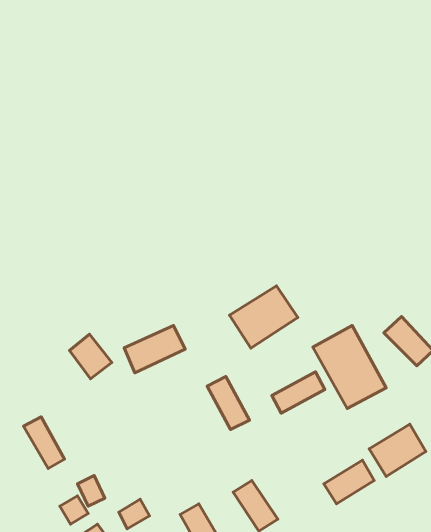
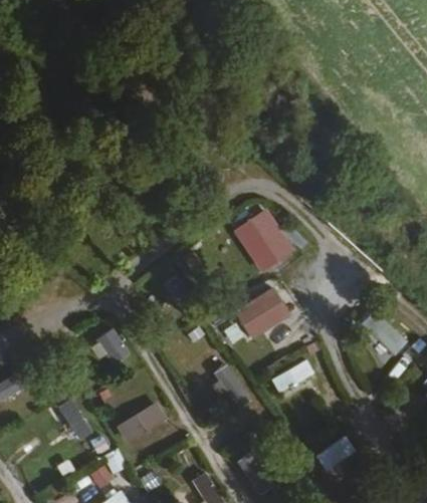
building: none -> [234,208,294,274]
building: [313,325,386,408] -> none
building: [124,326,185,373] -> [117,403,169,443]
building: [369,424,426,477] -> none

